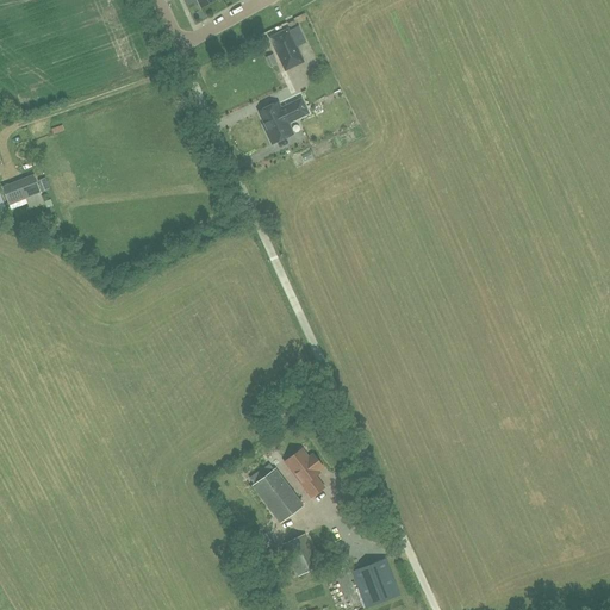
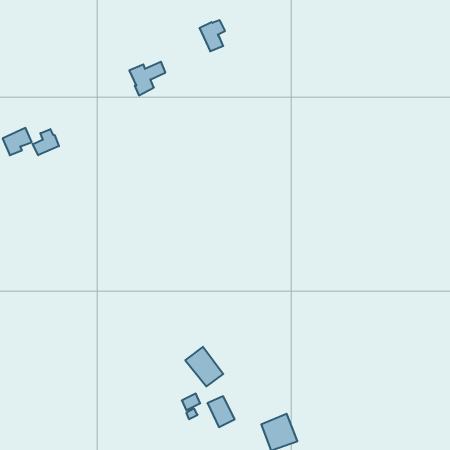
building: [257,99,306,144] -> [129,62,165,95]
building: none -> [33,129,59,155]
building: [282,448,323,496] -> none

